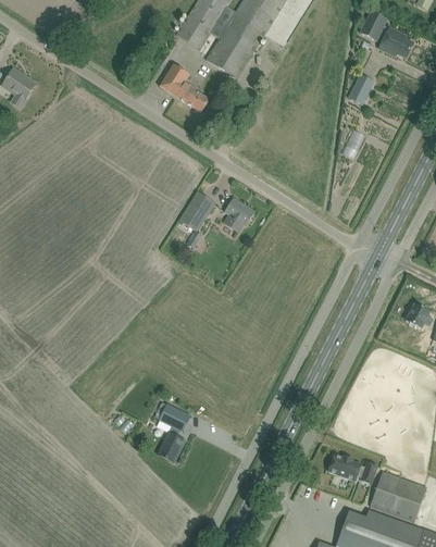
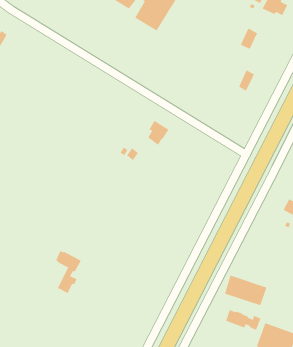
building: [159,64,208,112] -> none
building: [179,191,215,231] -> none
building: [154,401,190,461] -> [55,250,82,294]
building: none -> [224,275,268,306]

